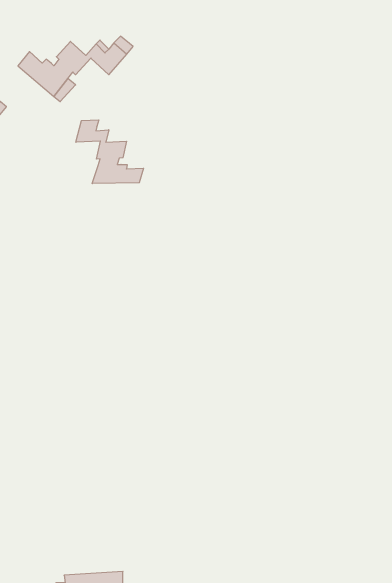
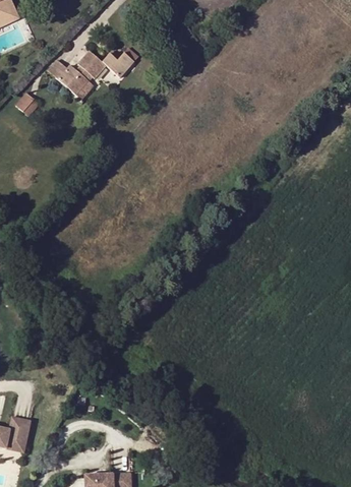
building: [76,120,144,184] -> none

